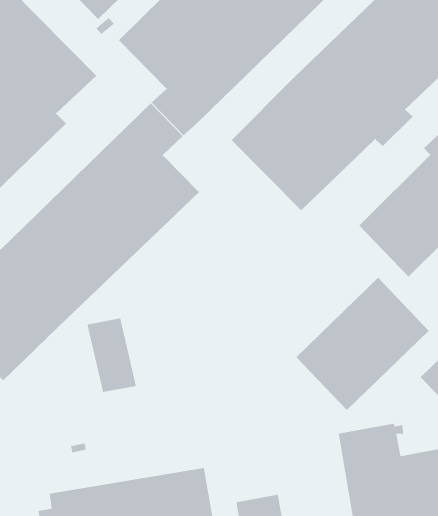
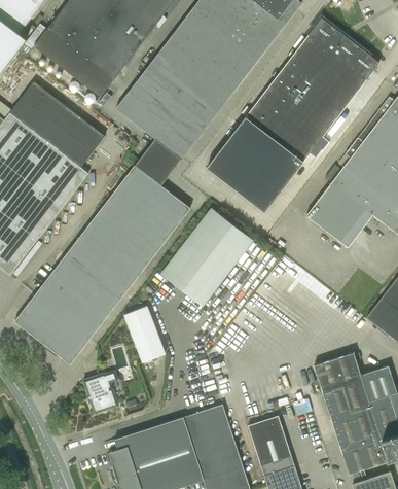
building: [296,277,429,411] -> [160,207,253,306]
building: none -> [83,371,118,412]

